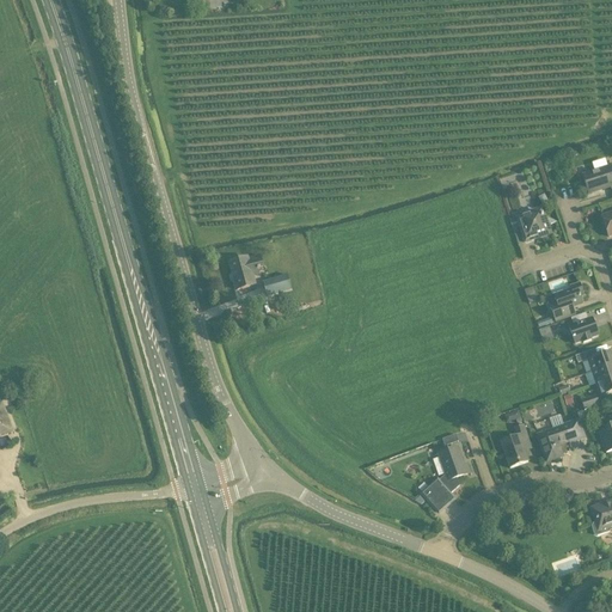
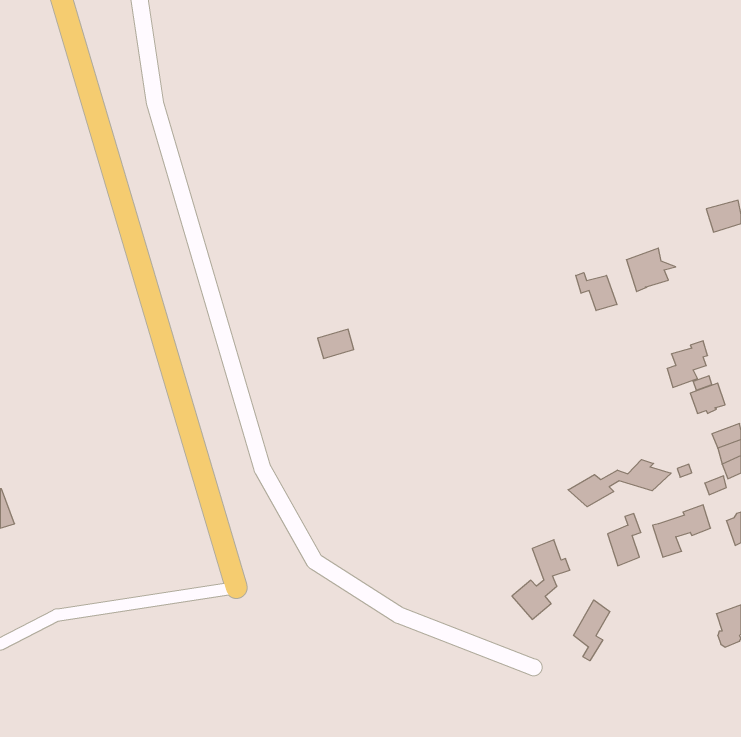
building: none -> [576,273,617,311]
building: [228,252,263,287] -> none
building: none -> [568,460,671,507]
building: none -> [574,600,610,661]

